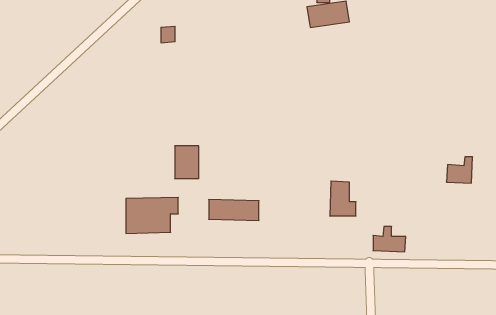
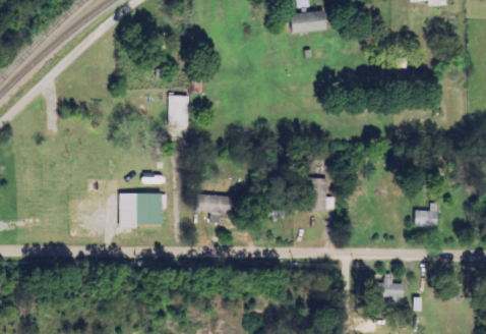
building: [175,146,199,179] -> [168,95,190,125]
building: [446,157,473,183] -> [414,203,438,227]
building: [373,227,406,252] -> [374,274,405,297]

